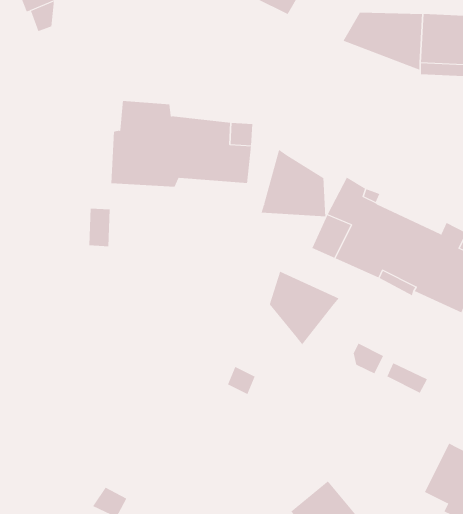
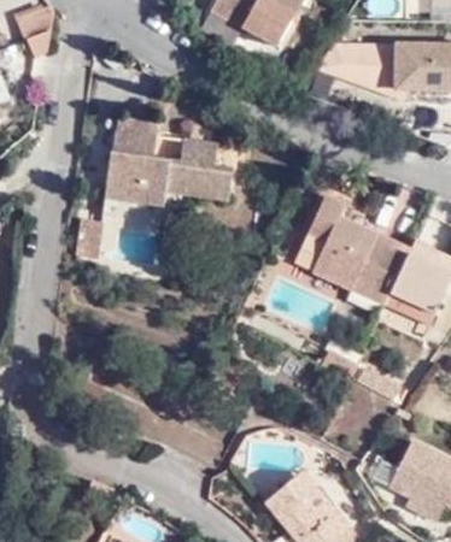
building: [261,149,326,217] -> none
building: [269,271,340,345] -> none

